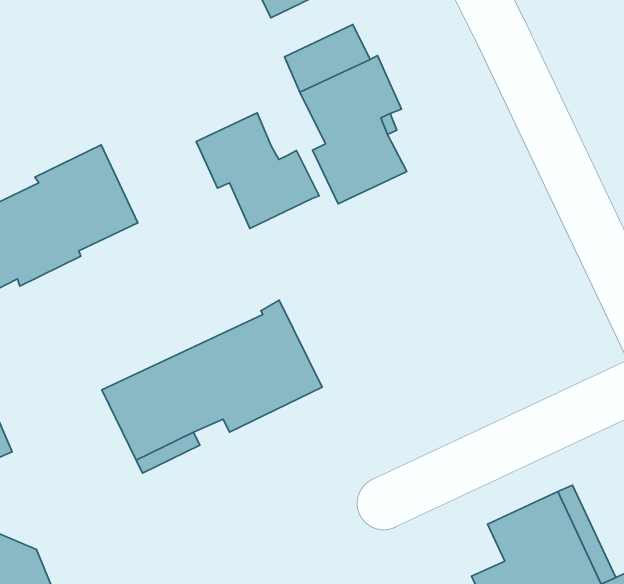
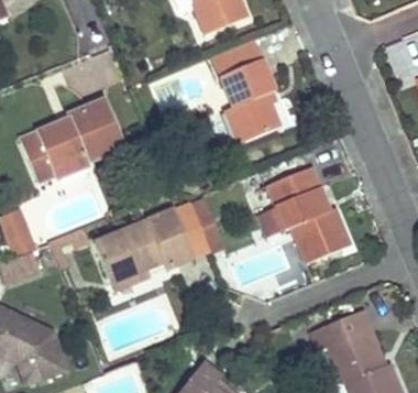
building: [196,113,319,229] -> none
building: none -> [261,166,351,262]

